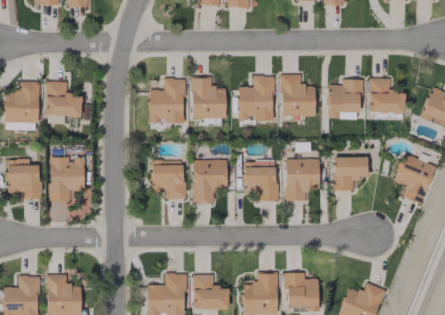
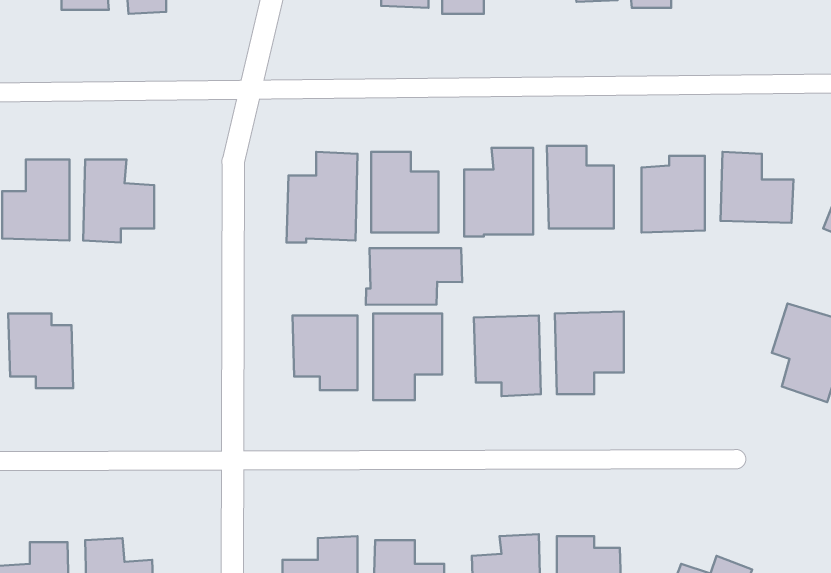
building: none -> [366,248,462,305]
building: [49,157,85,202] -> none
building: [334,158,368,190] -> none

